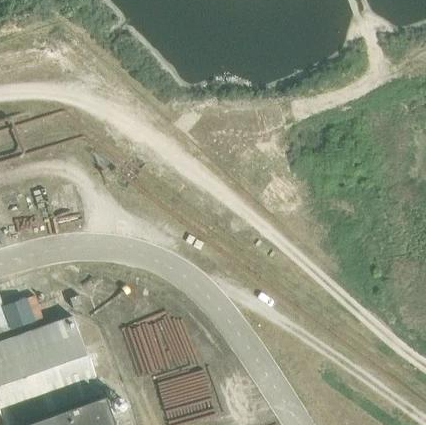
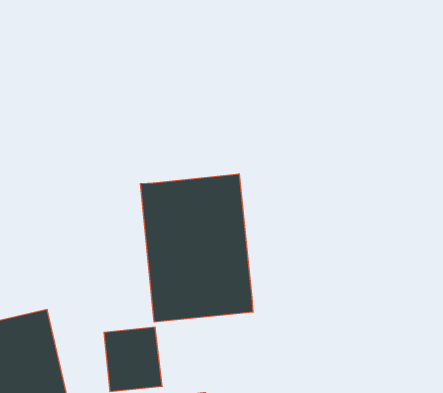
building: none -> [140,174,253,322]

